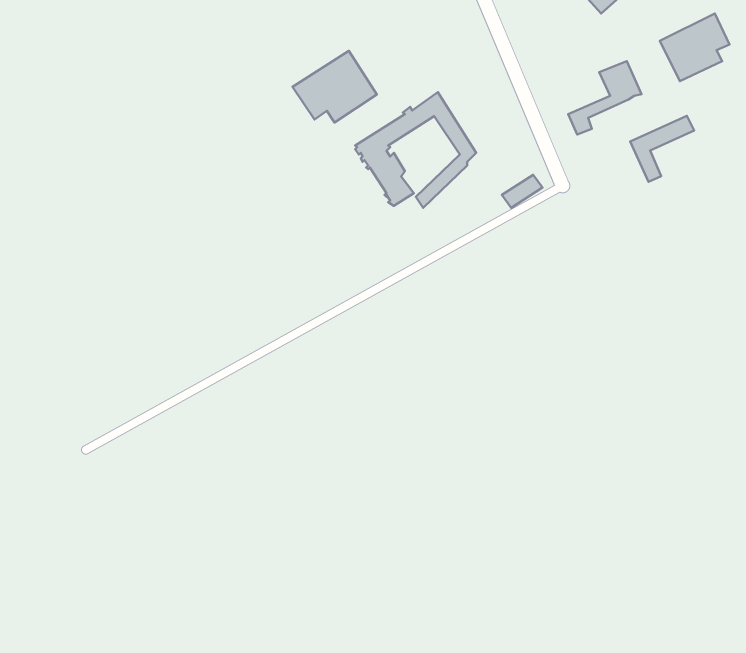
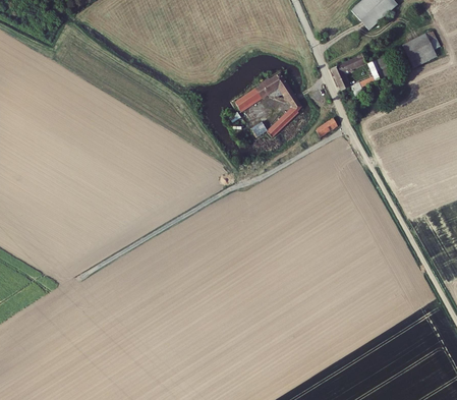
building: [293,51,377,123] -> none
building: [630,116,694,182] -> [331,54,366,91]

